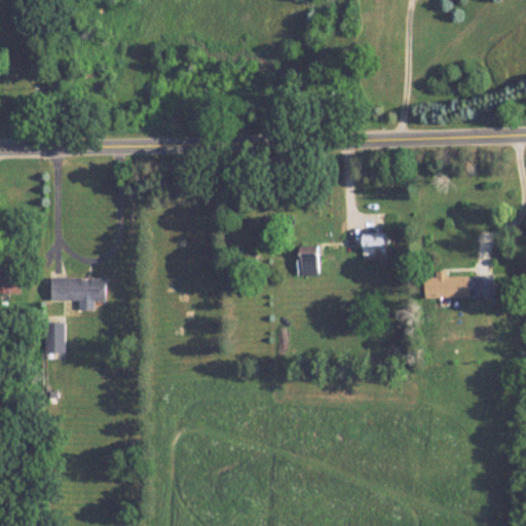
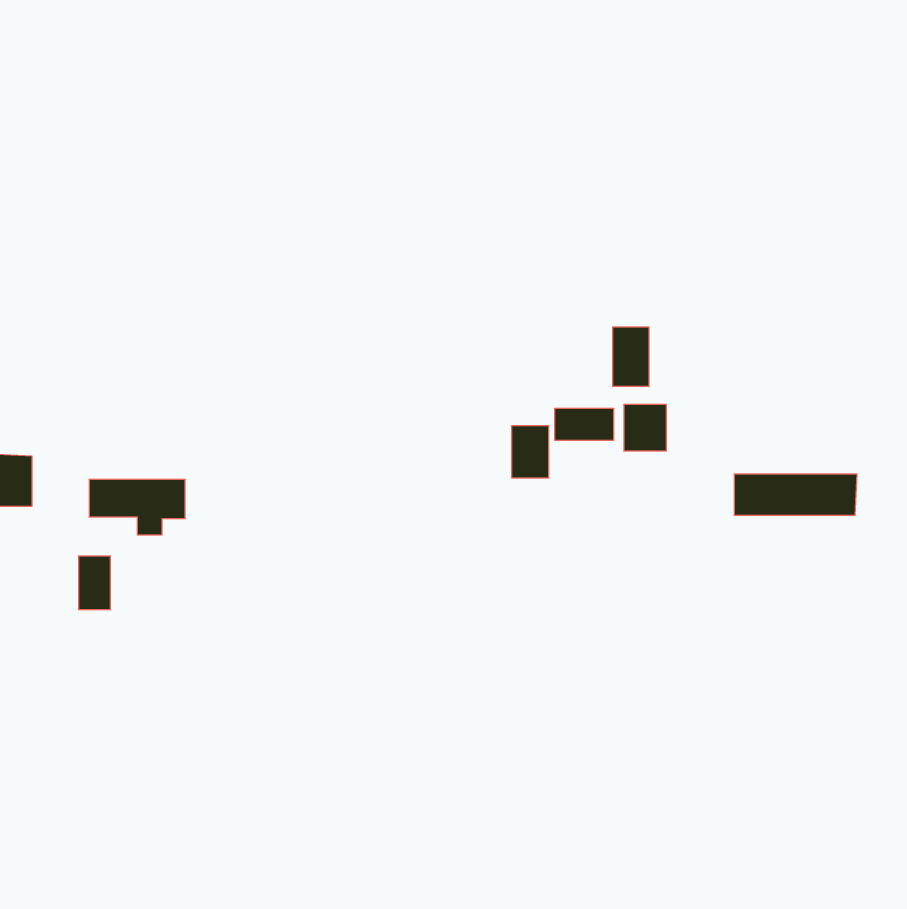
building: none -> [613,327,649,387]
building: none -> [555,408,613,441]

